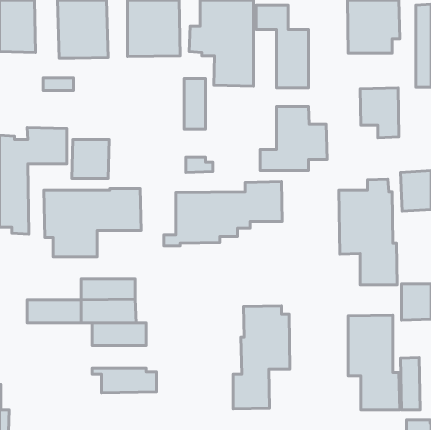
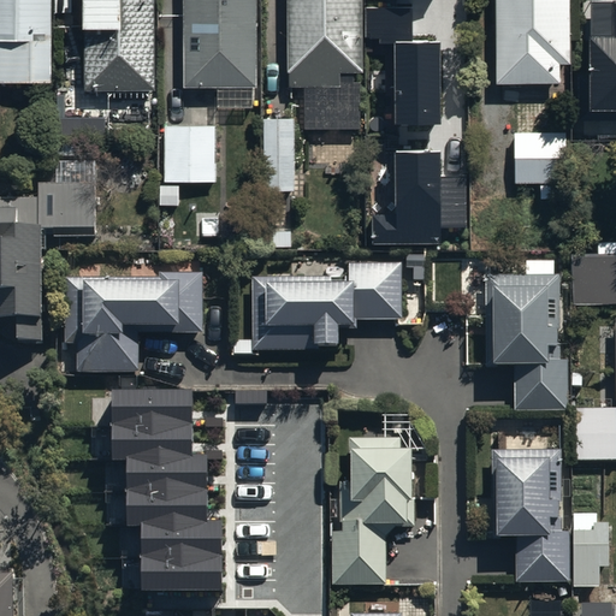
building: [72,140,109,179] -> [162,122,215,177]
building: [27,300,81,323] -> [131,494,208,527]
building: none -> [144,561,223,598]

